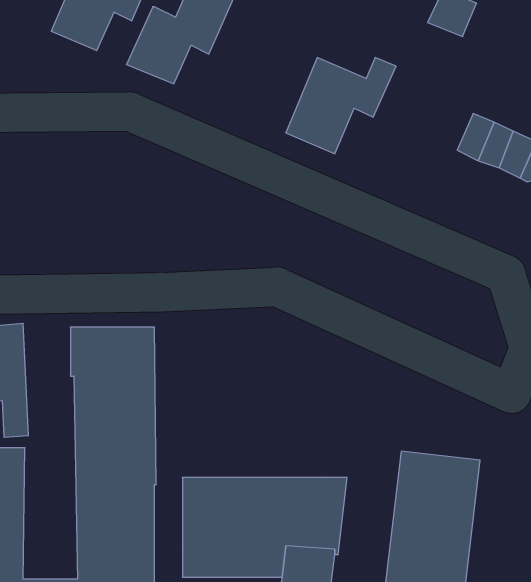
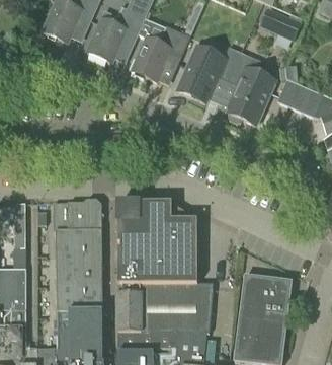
building: none -> [131,24,189,80]
building: none -> [227,51,274,124]
building: none -> [117,202,197,289]

